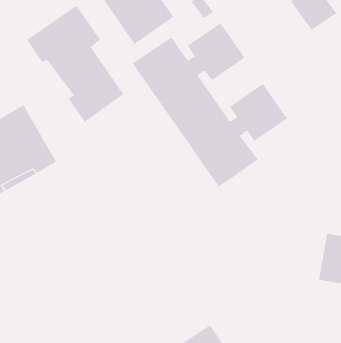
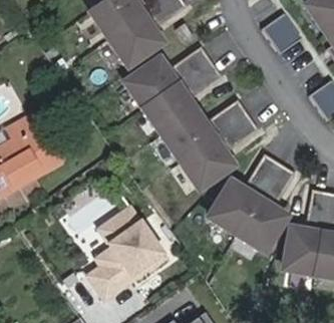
building: [26,5,124,122] -> none
building: none -> [210,150,296,248]
building: none -> [81,205,164,301]

